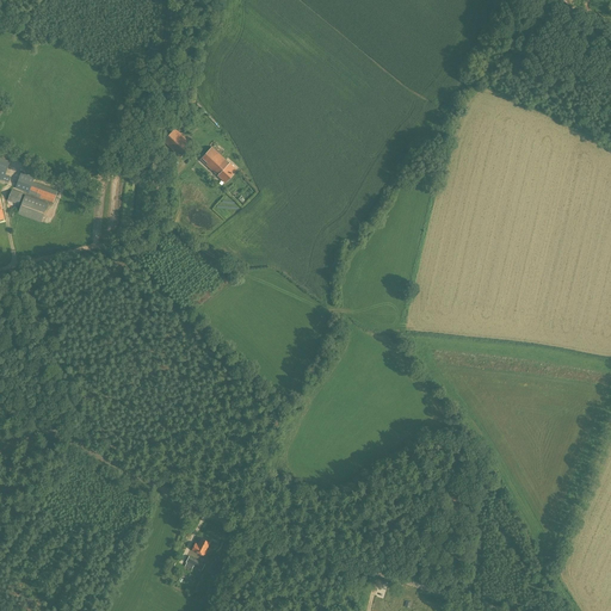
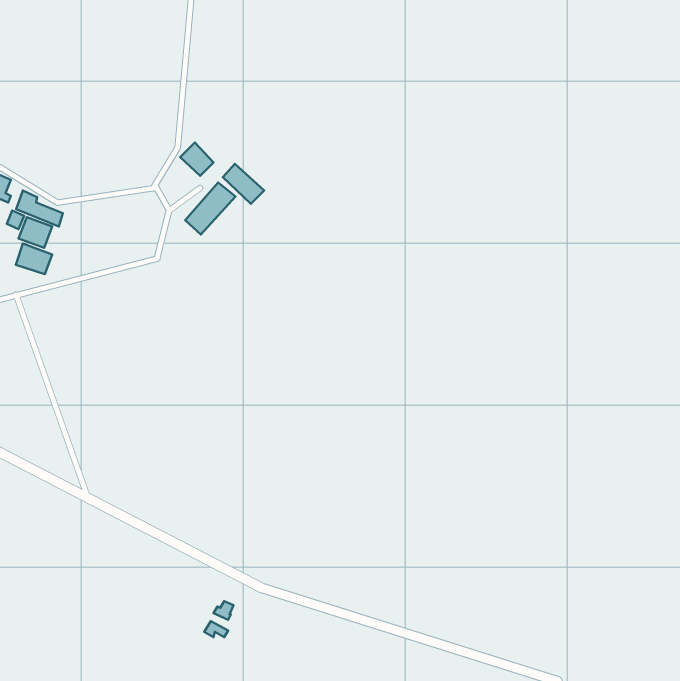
building: none -> [185,182,235,234]
building: none -> [16,244,52,274]

